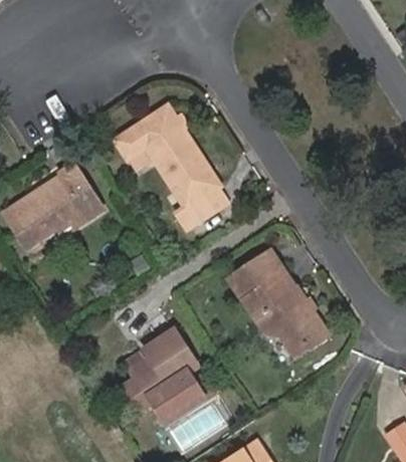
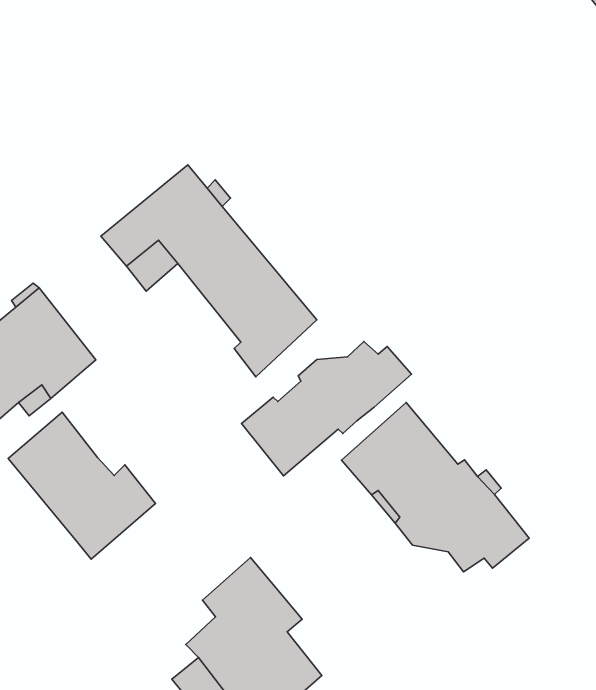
building: none -> [242,341,411,476]
building: none -> [8,412,156,559]

